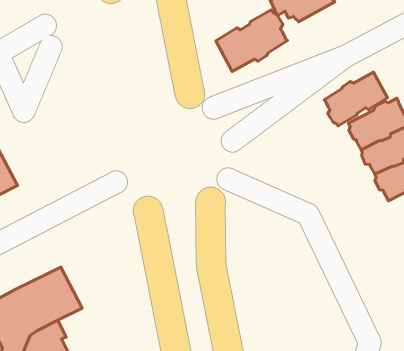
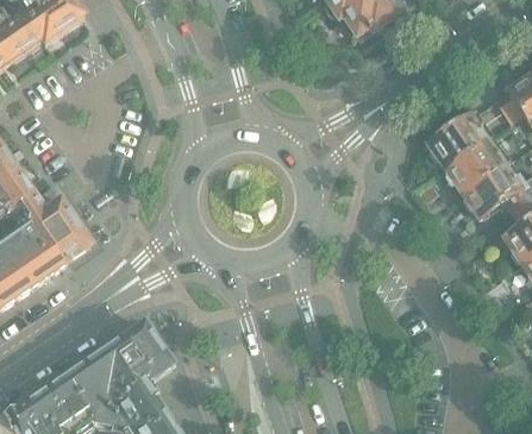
building: [216,10,288,72] -> none
building: [324,72,387,126] -> none

